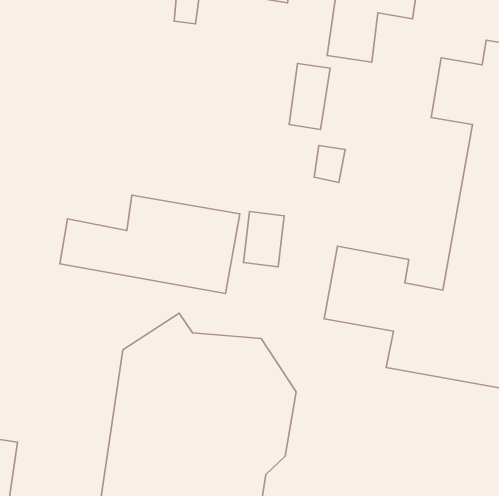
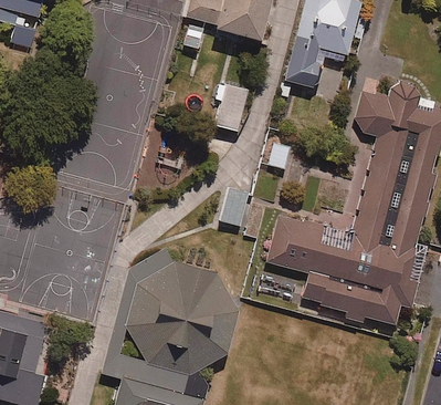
building: [289,64,330,129] -> [214,79,246,125]
building: [60,195,240,293] -> none

